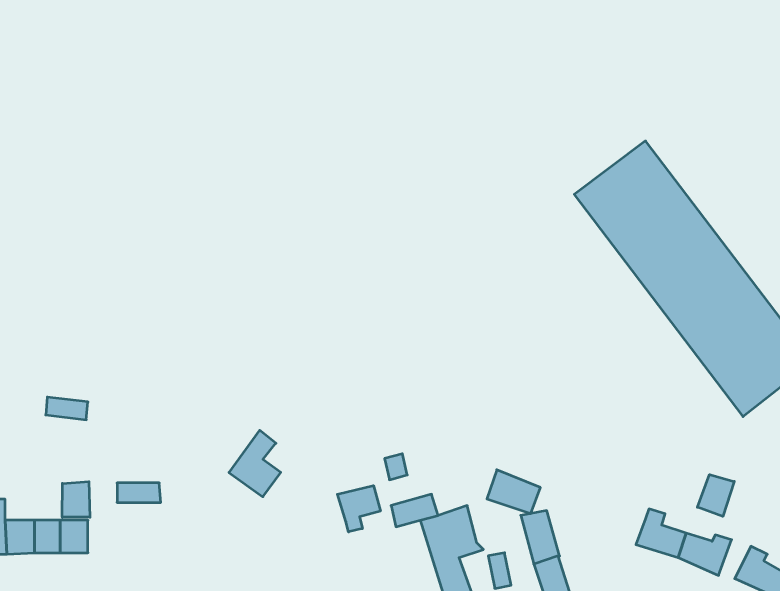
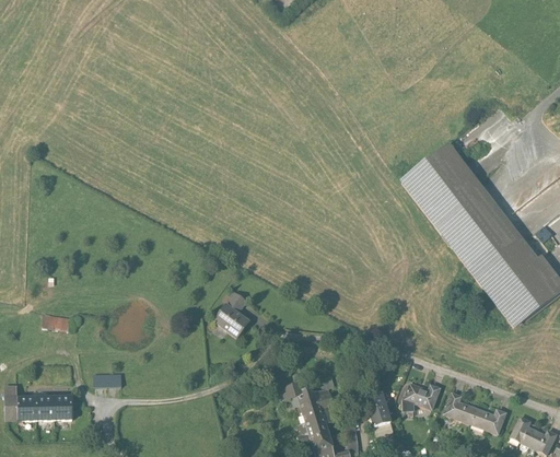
building: [229,430,281,497] -> [213,292,248,337]
building: [487,470,540,514] -> [402,380,439,410]
building: [697,475,734,516] -> none
building: [62,482,90,517] -> none
building: [337,486,380,532] -> none

